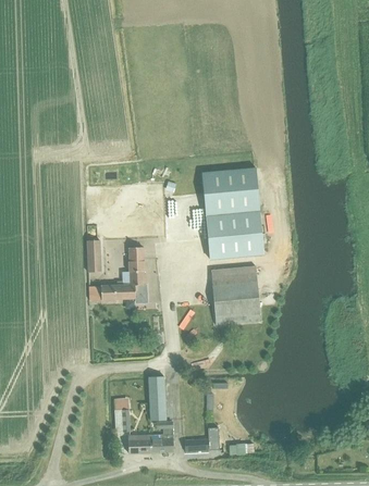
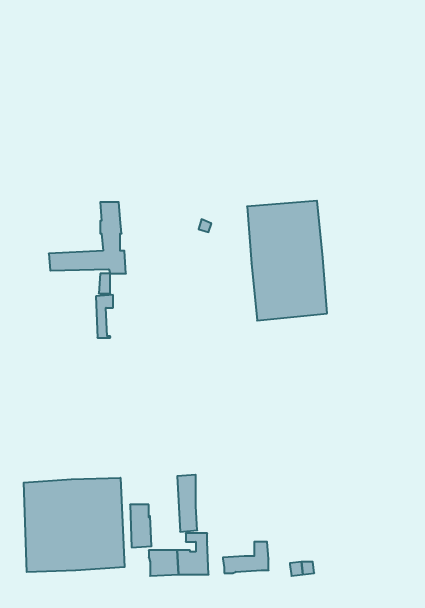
building: [89,247,148,301] -> [49,202,126,274]
building: [211,265,261,324] -> none
building: none -> [24,478,125,572]

